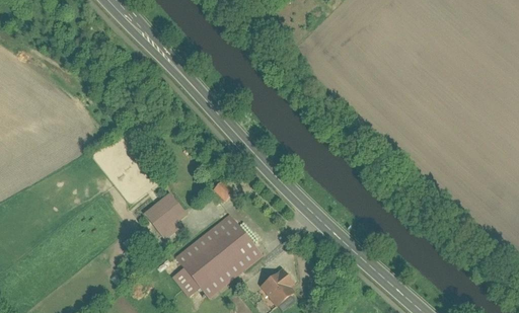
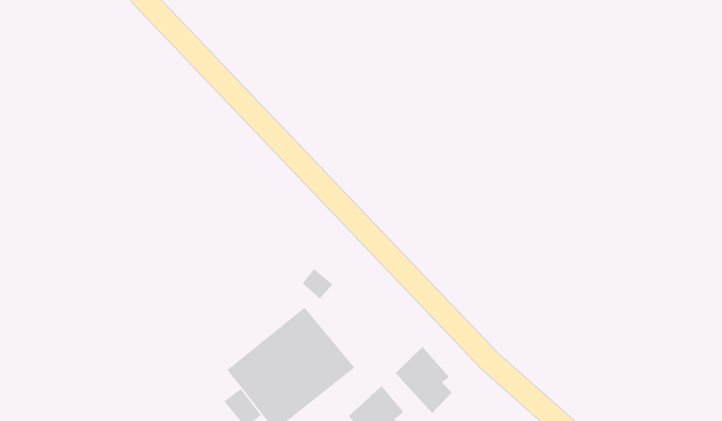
building: [143,193,186,239] -> none
building: none -> [395,346,453,414]

